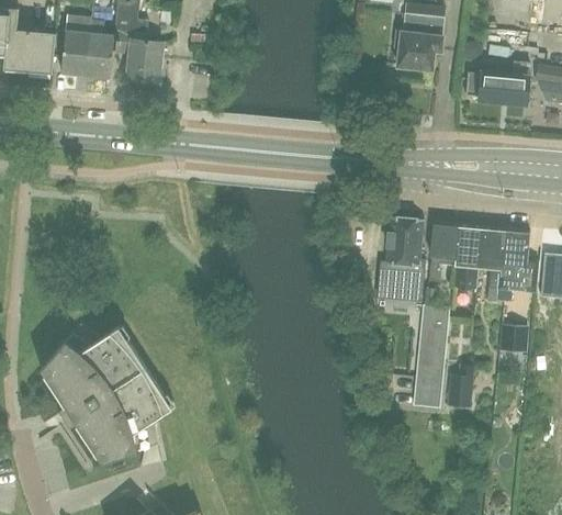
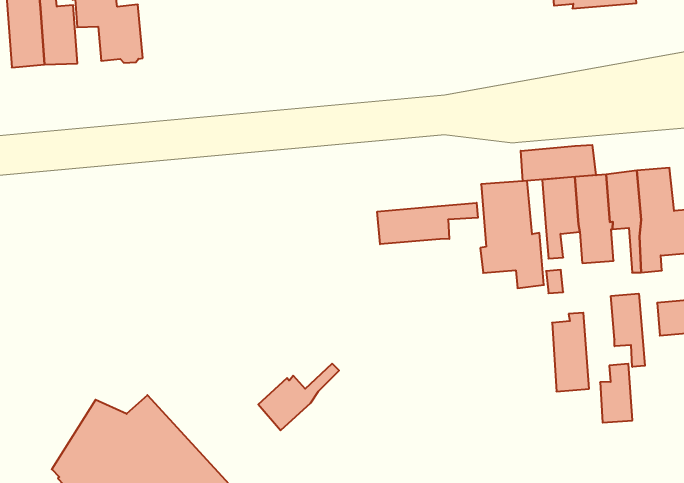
building: none -> [521,145,596,181]
building: none -> [377,203,478,244]
building: none -> [611,294,645,367]
building: none -> [258,364,339,430]
building: [415,379,441,410] -> none

